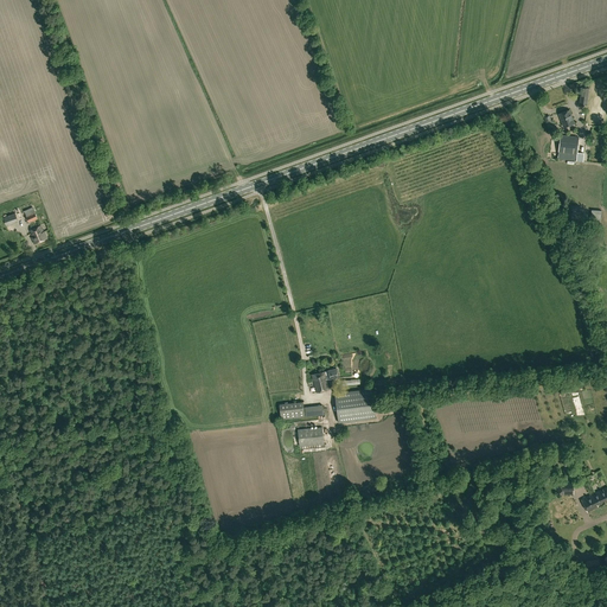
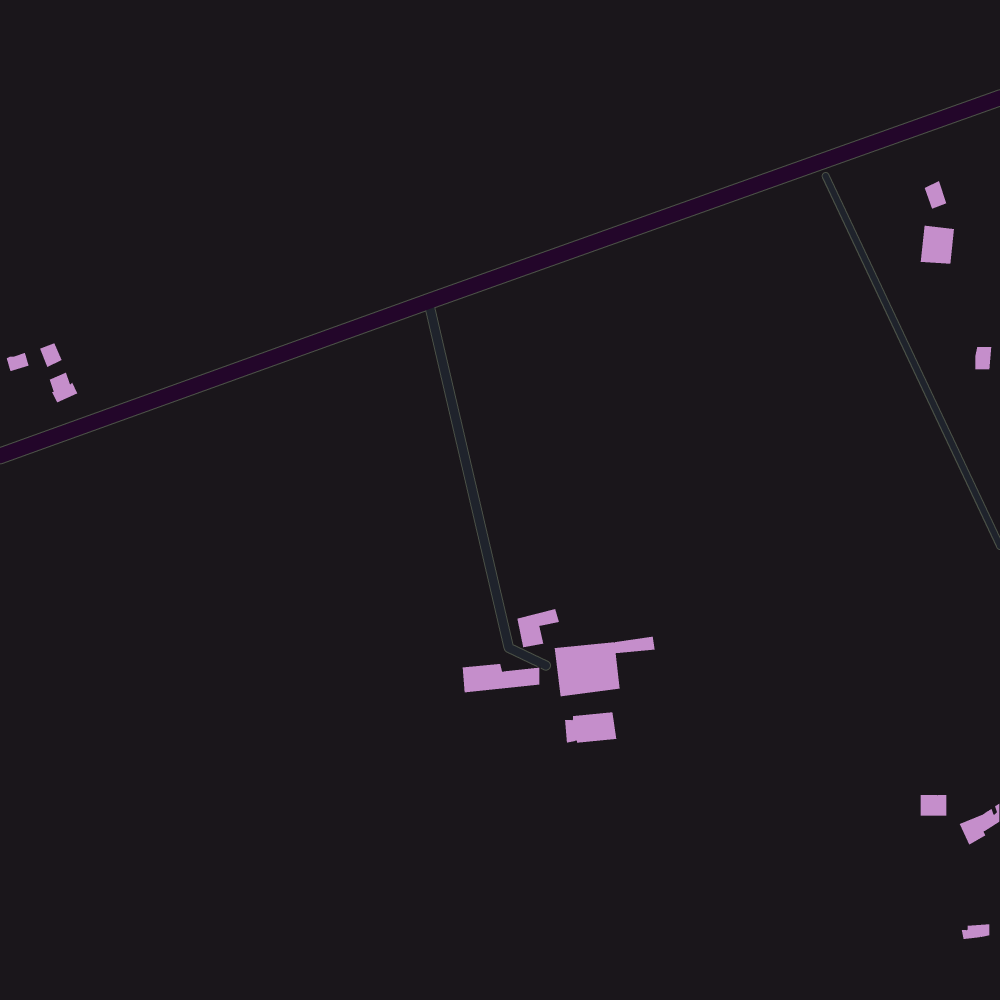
building: [293,427,325,446] -> [564,712,617,743]

